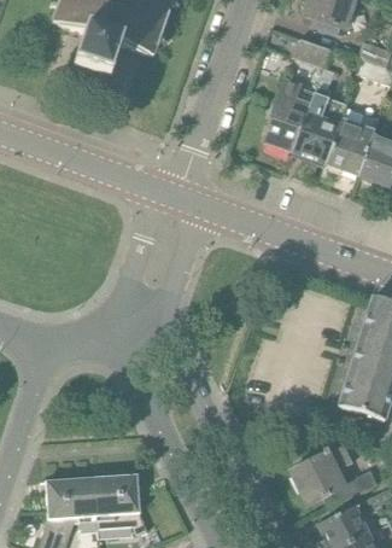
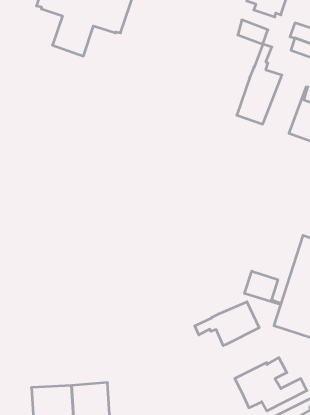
building: [262,81,309,152] -> none
building: [324,107,376,174] -> none
building: none -> [245,271,281,305]
building: none -> [195,302,259,346]

